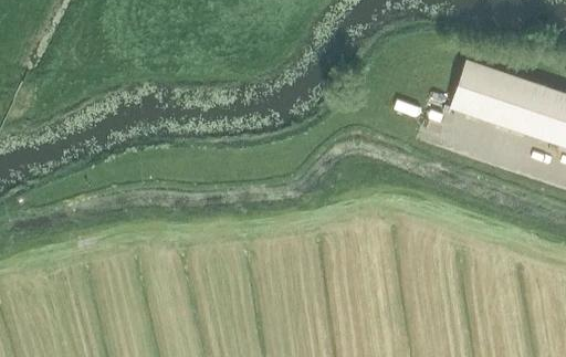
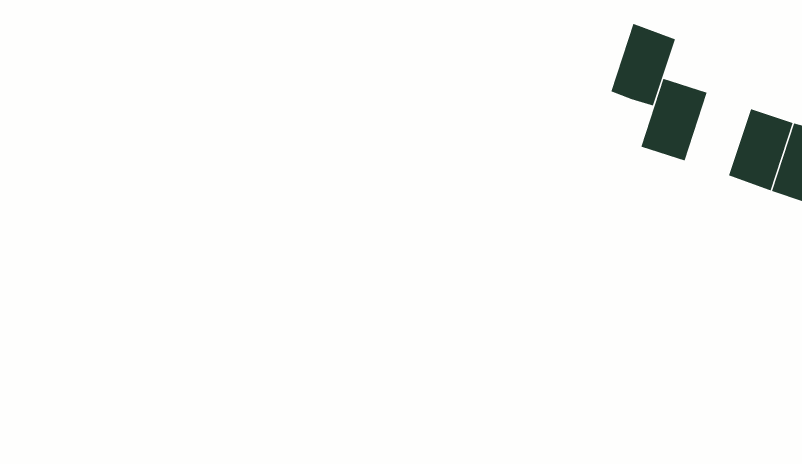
building: [482,71,527,128] -> [611,23,676,106]

